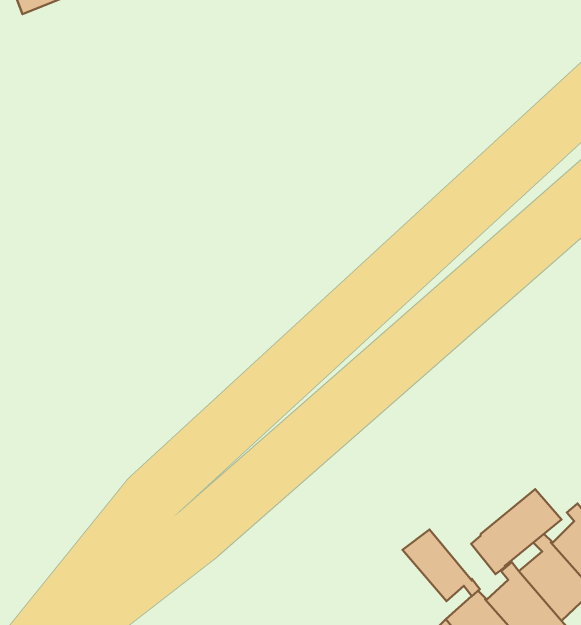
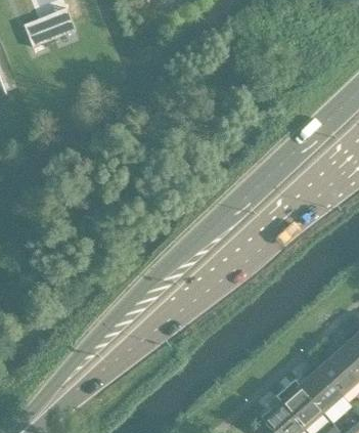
building: [471,489,561,574] -> none
building: [402,530,480,601] -> none

